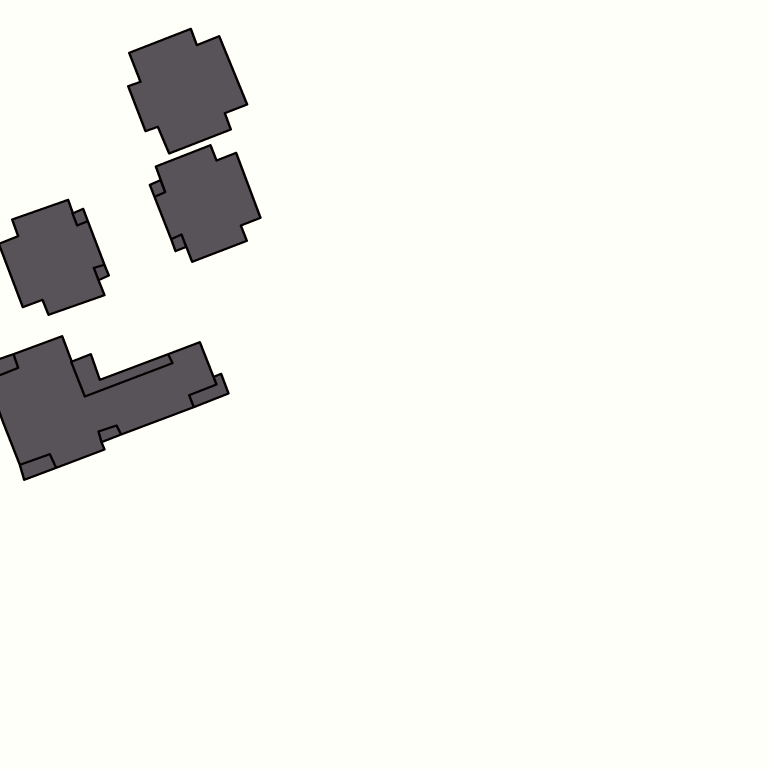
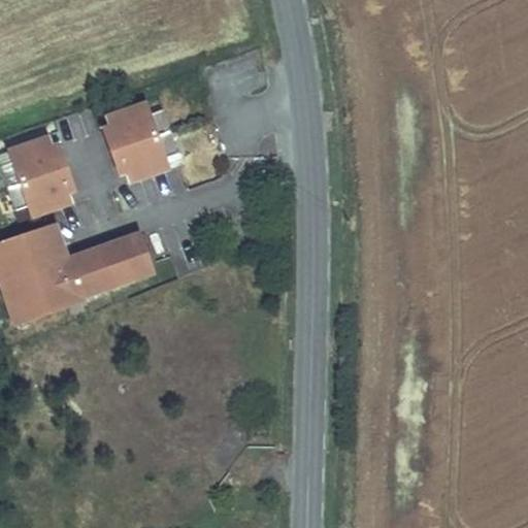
building: [128,29,247,154] -> none

